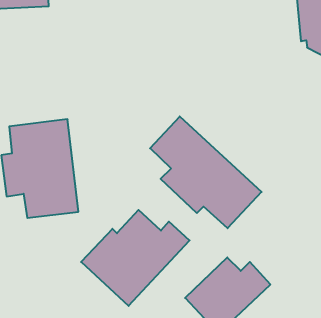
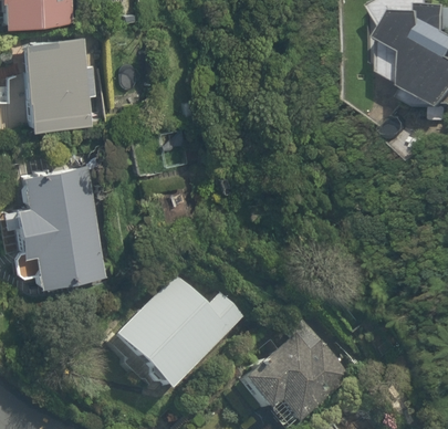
building: none -> [15,36,92,129]
building: [150,116,262,228] -> none

